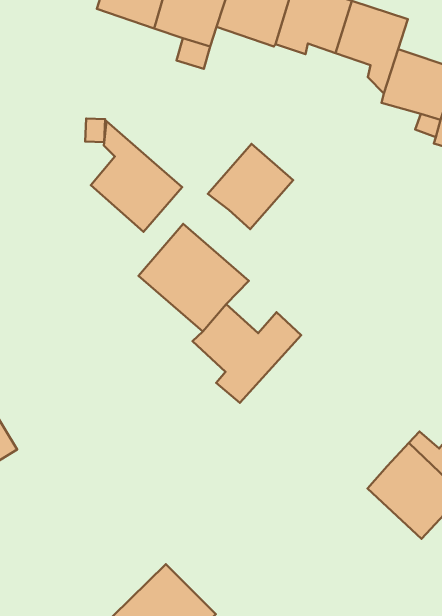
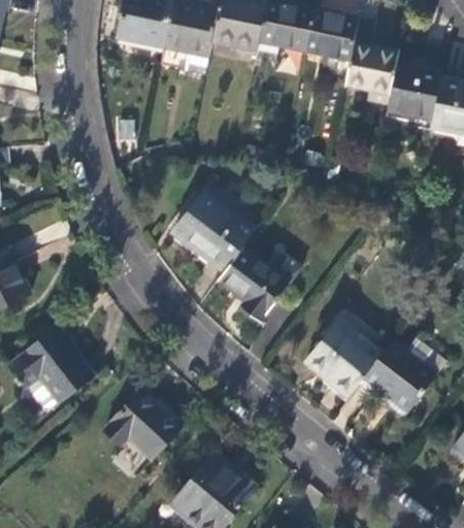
building: [91,121,182,232] -> none
building: [208,144,293,229] -> none
building: none -> [303,320,376,399]
building: none -> [104,389,185,461]

